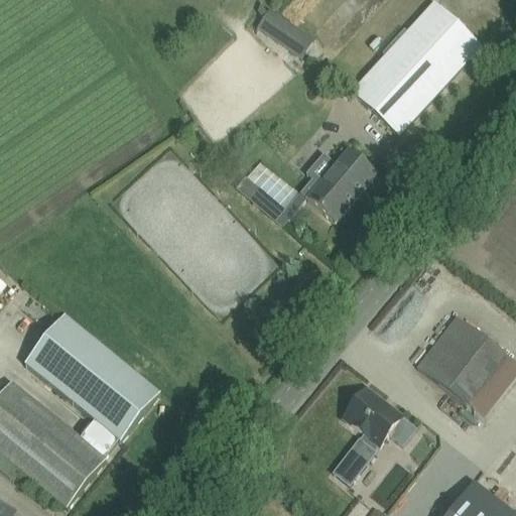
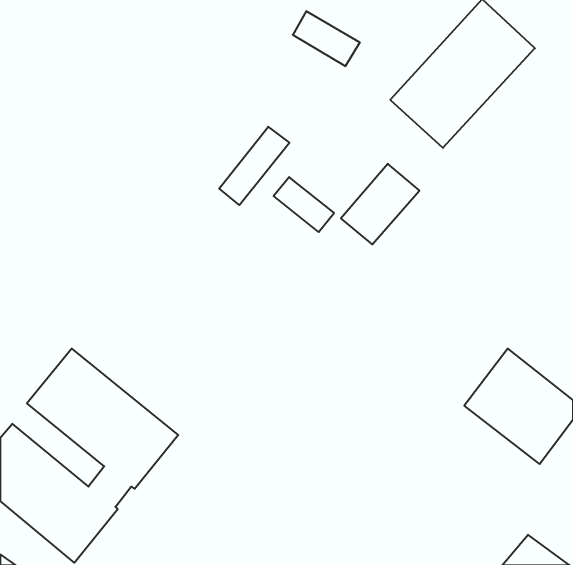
building: none -> [219,127,289,205]
building: [344,386,417,444] -> none
building: [334,436,375,483] -> none

